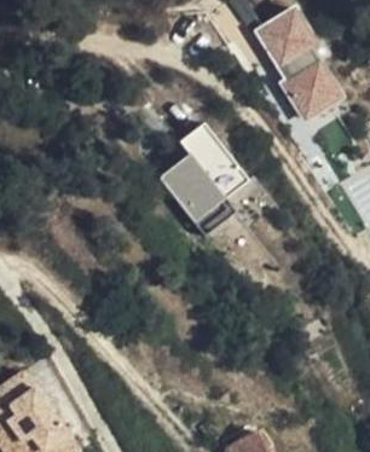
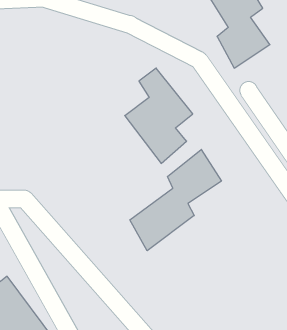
building: none -> [130,149,221,251]

